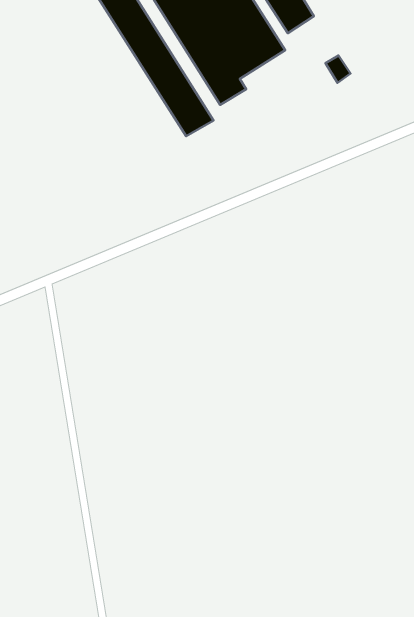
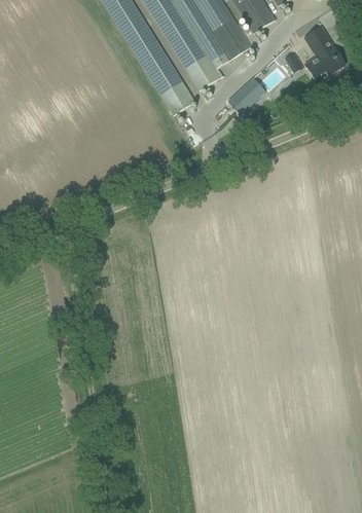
building: none -> [302,26,342,80]
building: none -> [225,79,258,112]

